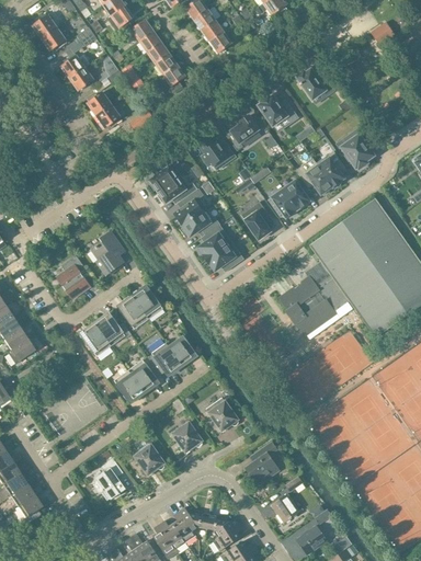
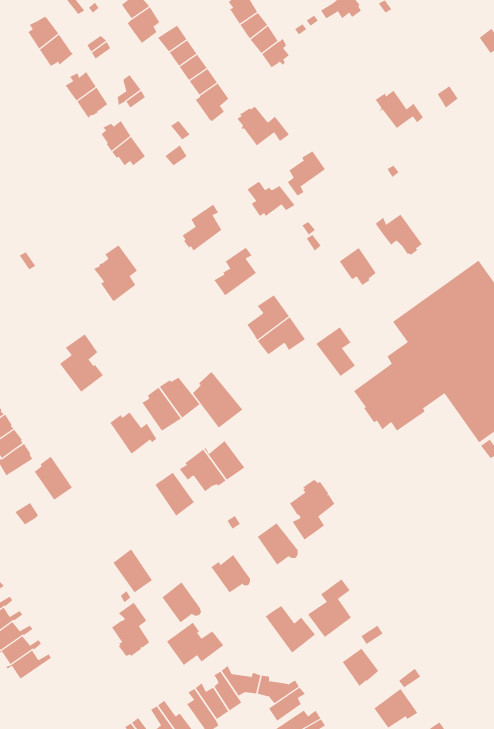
building: [258,95,298,126] -> [236,106,290,146]
building: [341,125,374,170] -> none
building: [316,151,346,188] -> none
building: [158,175,196,203] -> none
building: [284,178,309,208] -> none
building: [240,202,271,240] -> [316,327,356,377]
building: [182,208,219,237] -> none
building: [91,231,125,275] -> [93,244,138,302]
building: none -> [192,371,243,429]
building: [81,322,111,356] -> [34,456,73,501]
building: none -> [289,479,335,540]
building: [114,369,145,403] -> [113,548,153,593]
building: none -> [265,605,316,654]
building: none -> [166,622,224,666]

